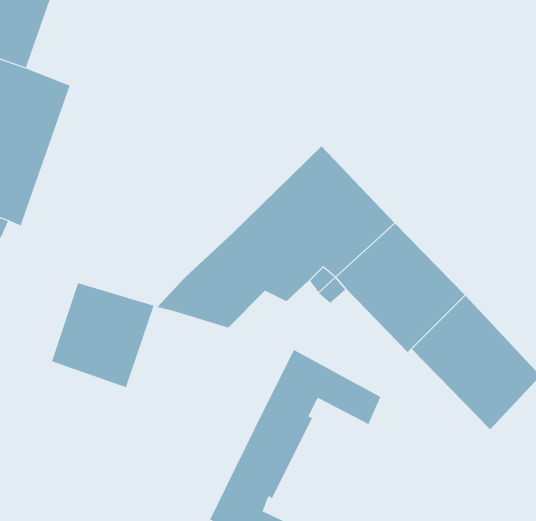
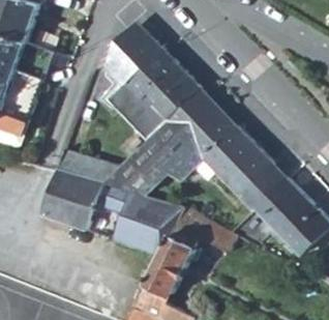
building: none -> [106,26,201,139]
building: none -> [57,149,120,182]
building: none -> [104,184,184,255]

